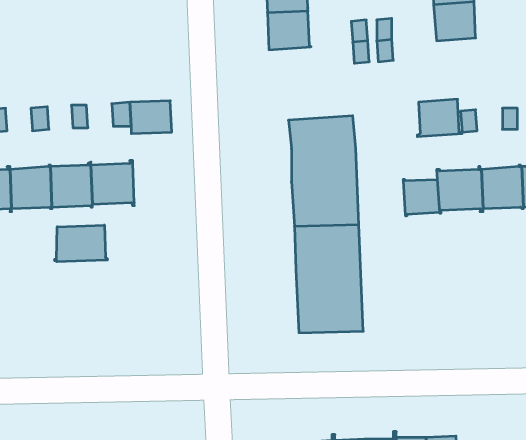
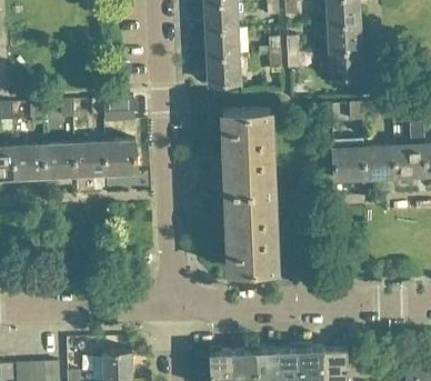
building: none -> [207,58,241,86]
building: [417,99,462,137] -> [330,51,363,79]
building: none -> [106,141,137,174]
building: [403,179,439,216] -> none
building: [55,225,107,262] -> none

